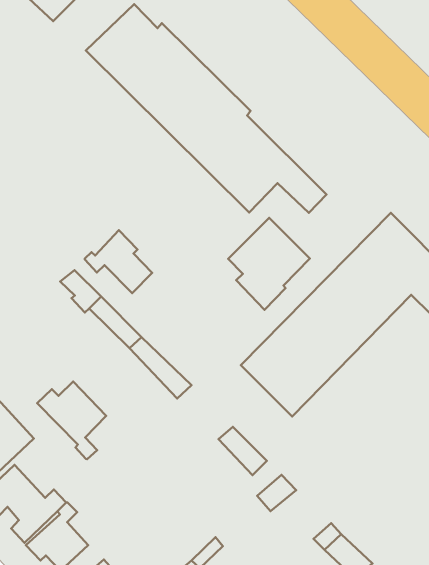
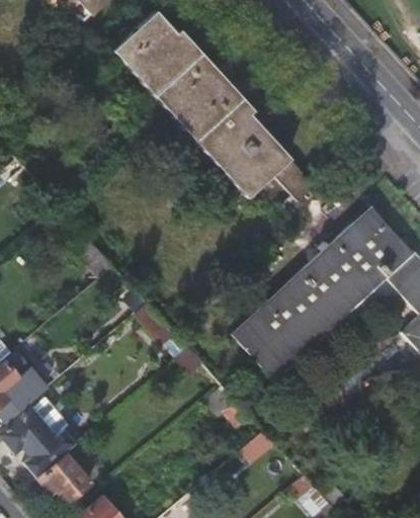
building: [228,218,310,310] -> none
building: [85,230,152,293] -> none
building: [37,382,106,459] -> none

